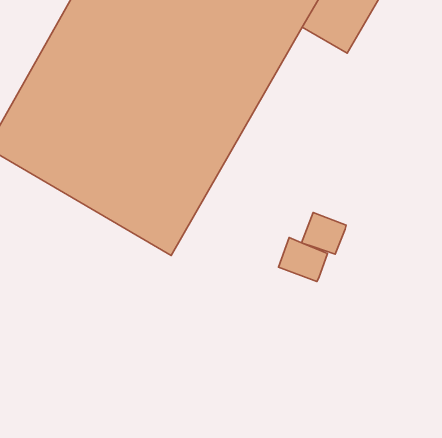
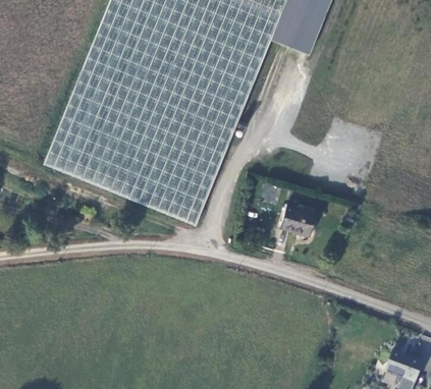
building: [301,213,346,254] -> none

